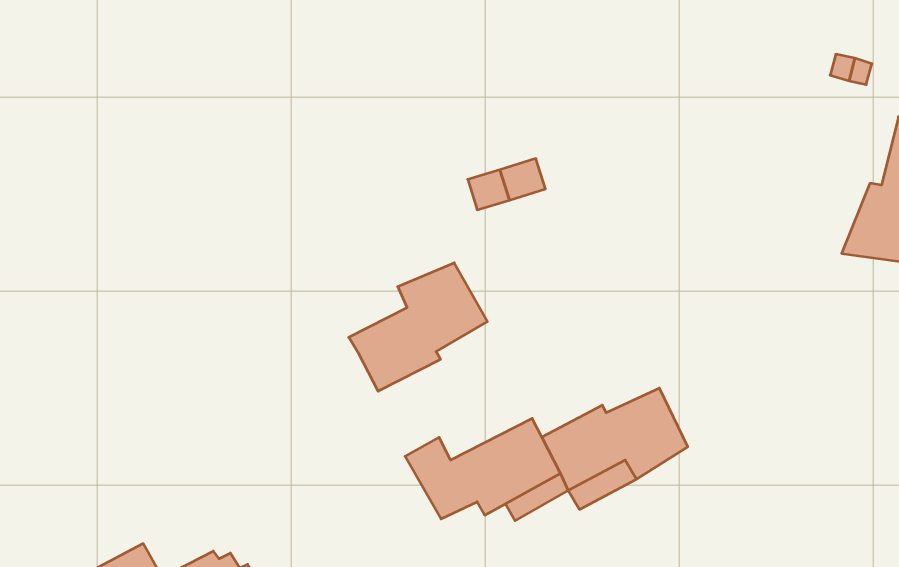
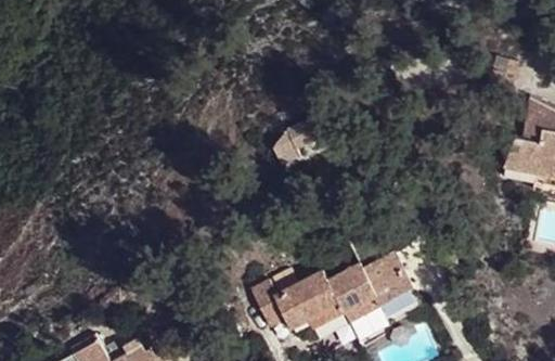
building: [349,263,487,391] -> none

